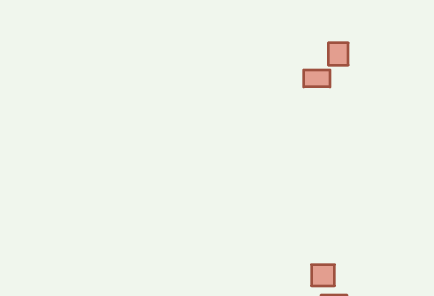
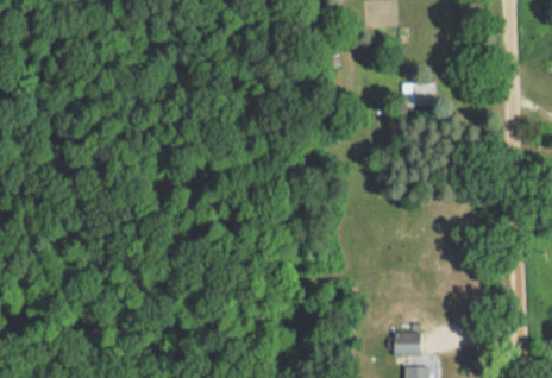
building: [304,70,330,87] -> none

